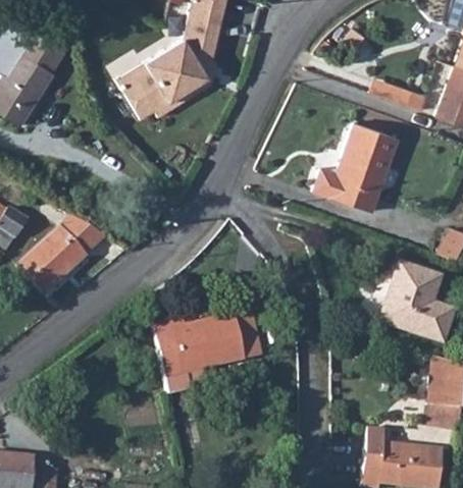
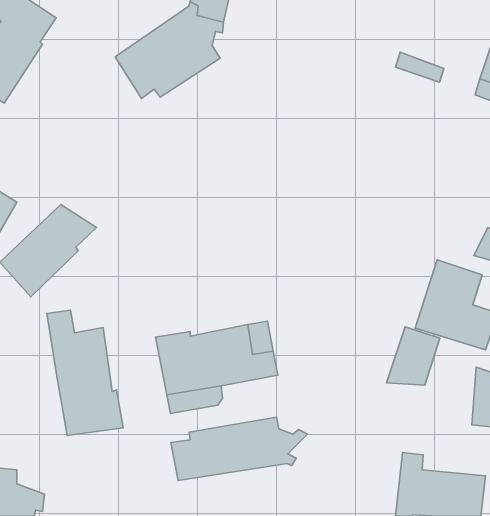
building: [313,124,395,212] -> none
building: none -> [47,310,123,436]
building: none -> [386,327,440,385]
building: none -> [171,417,308,481]

